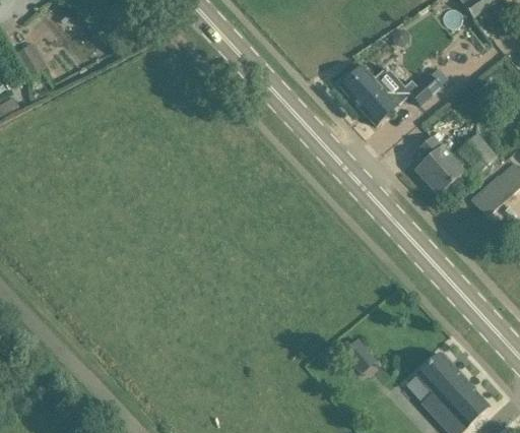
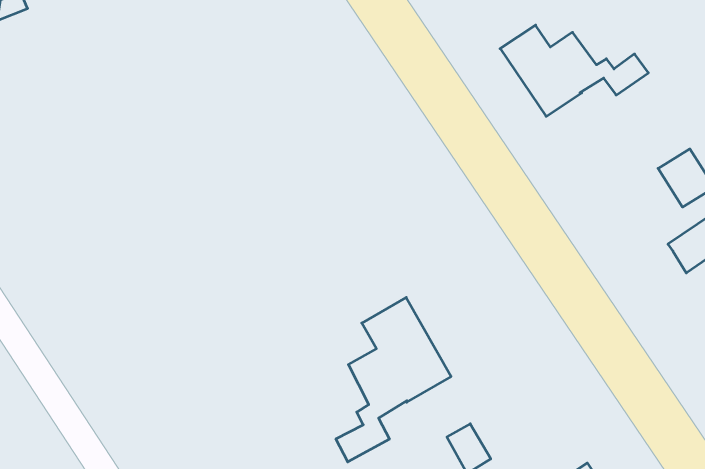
building: [414,136,463,195] -> none
building: none -> [336,297,451,462]

